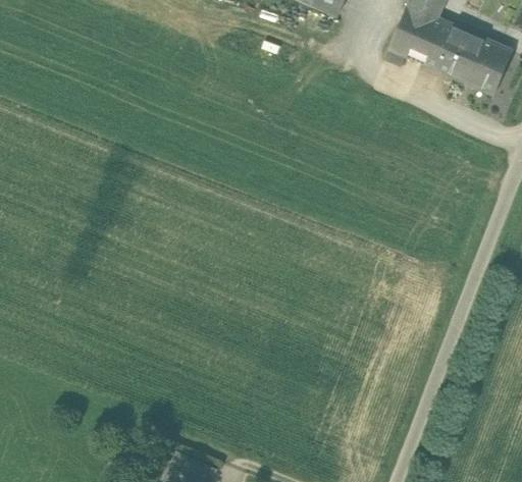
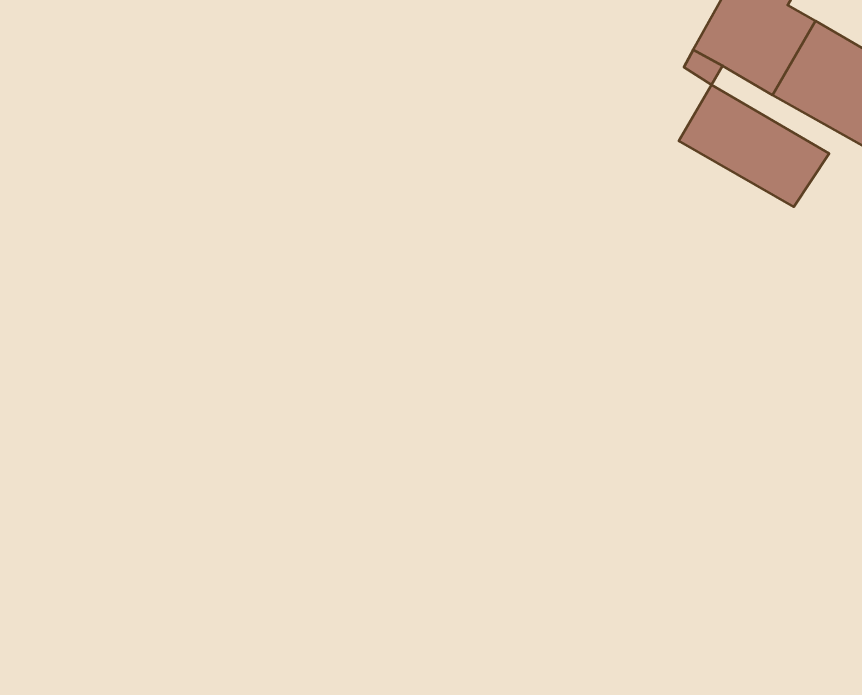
building: none -> [679,85,829,207]

